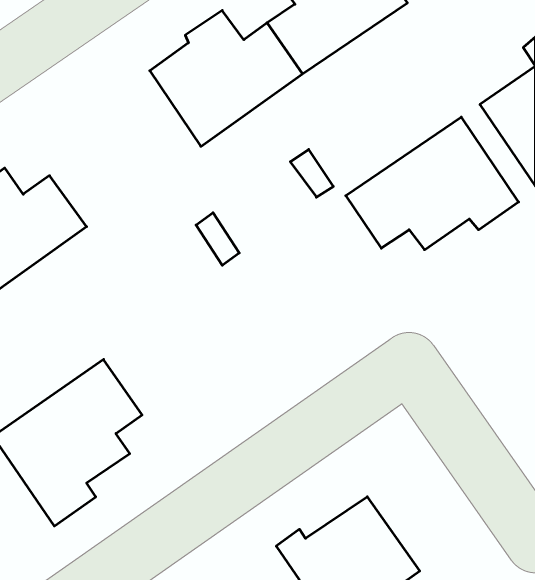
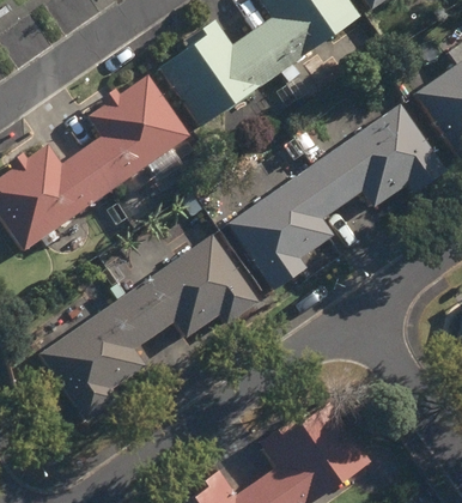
building: none -> [83,75,189,189]
building: none -> [227,165,340,290]
building: none -> [124,234,259,338]

